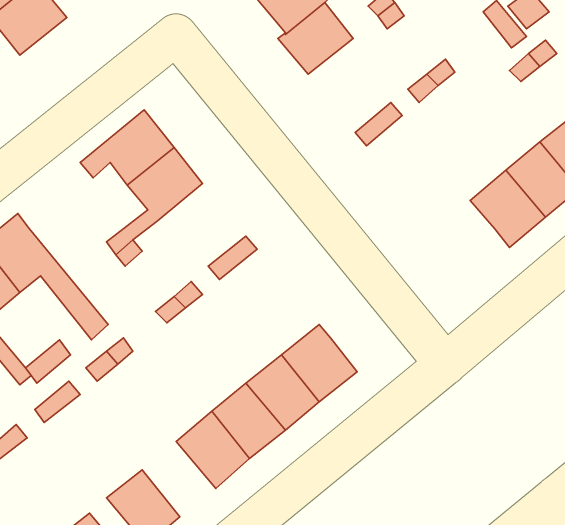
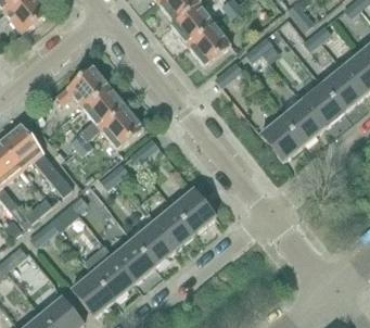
building: none -> [187,23,230,65]
building: none -> [100,106,142,149]
building: none -> [259,116,303,160]
building: none -> [91,255,133,299]

